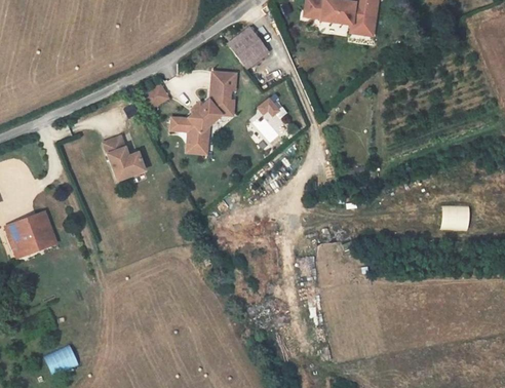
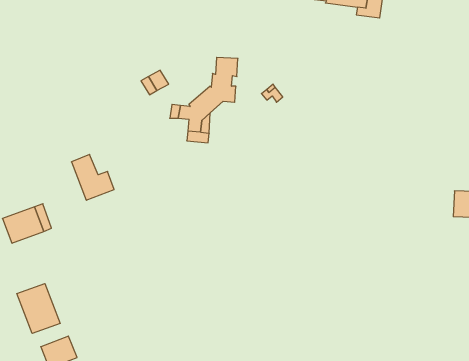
building: [227,26,268,69] -> none
building: [103,138,144,182] -> [71,154,114,200]
building: none -> [17,284,60,333]

